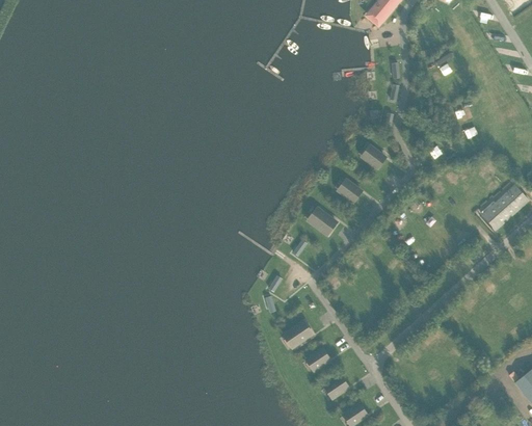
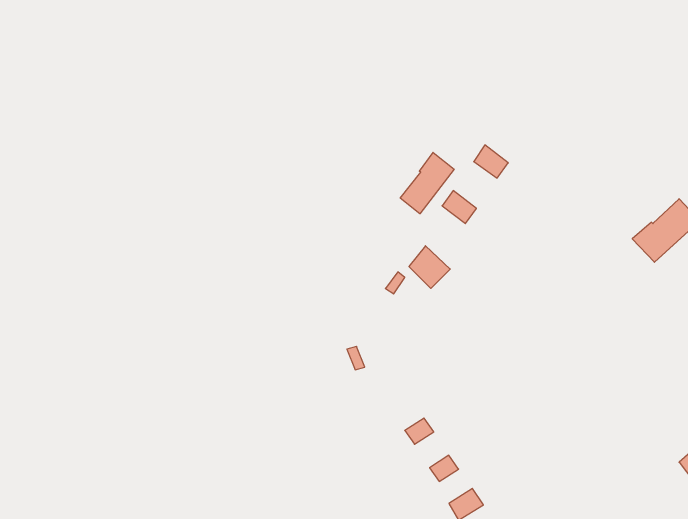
building: none -> [400,152,454,214]
building: [282,320,312,348] -> none

